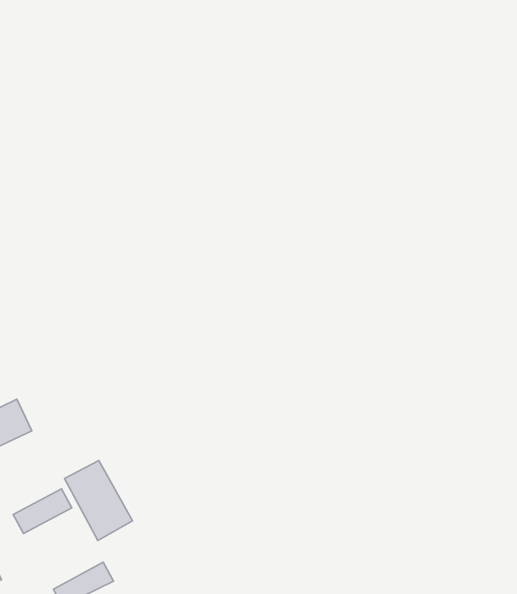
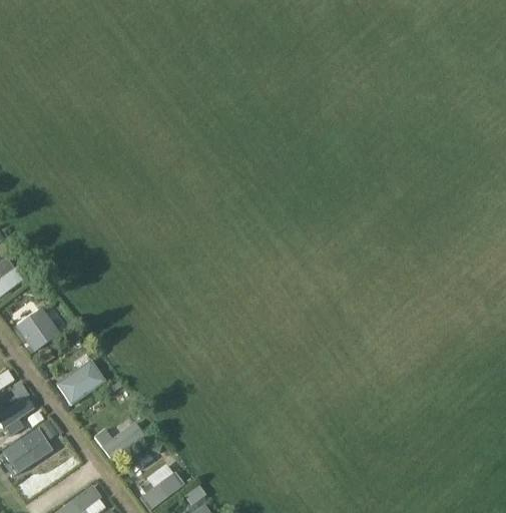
building: [65,460,133,540] -> none

